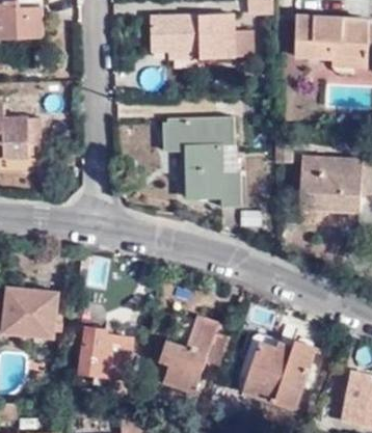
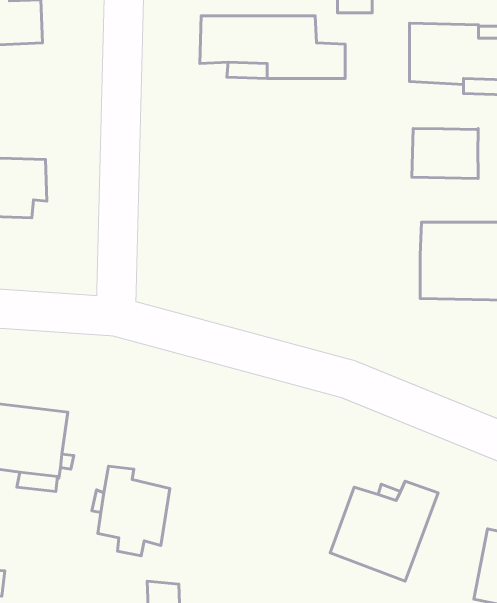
building: none -> [412,129,478,178]
building: [162,117,236,206] -> none
building: [158,317,217,391] -> none

